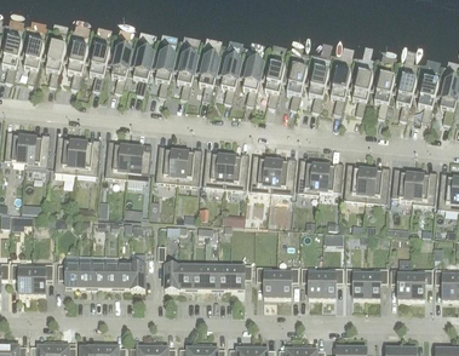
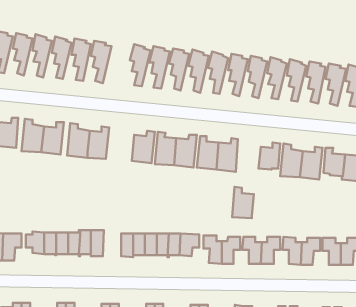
building: [154,50,177,98] -> none
building: [156,145,180,183] -> none
building: [298,159,322,194] -> [232,187,254,218]

